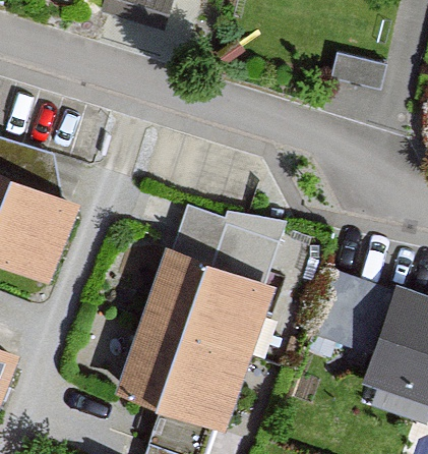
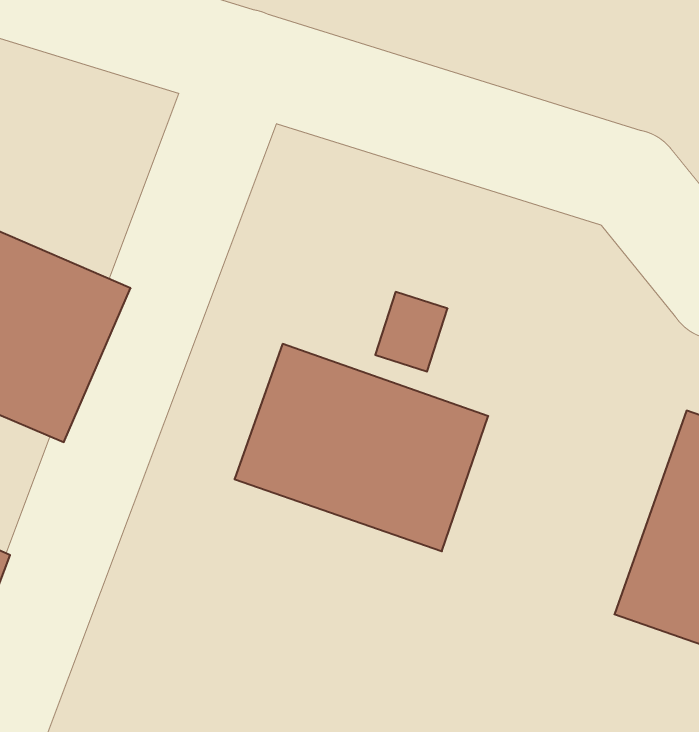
building: [112,310,255,436] -> none

